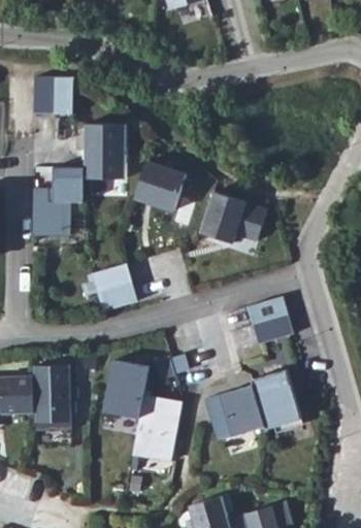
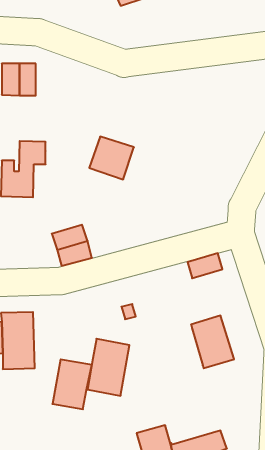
building: [84,125,126,178] -> none
building: [200,192,267,243] -> none
building: [103,361,149,419] -> [52,359,92,409]
building: [205,385,265,441] -> none

